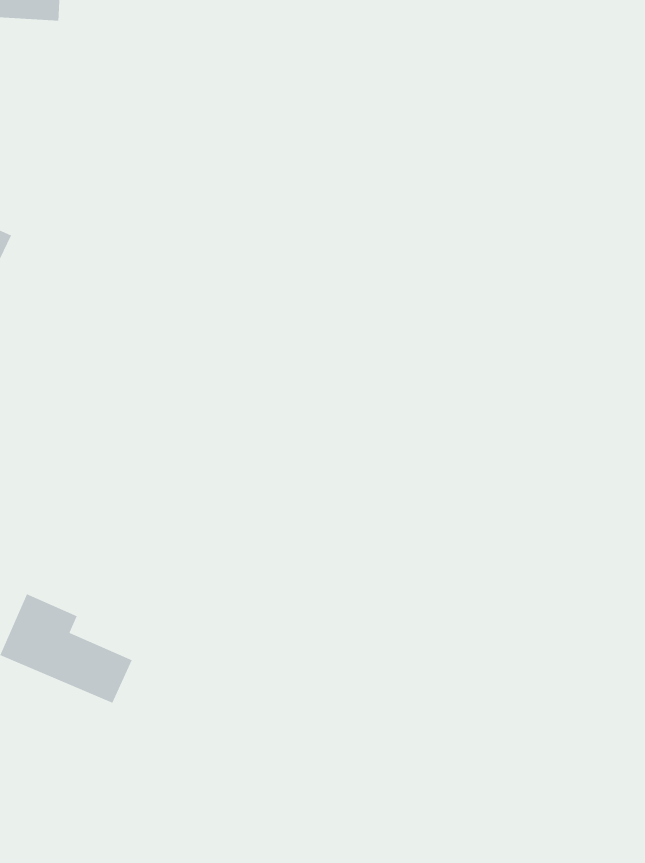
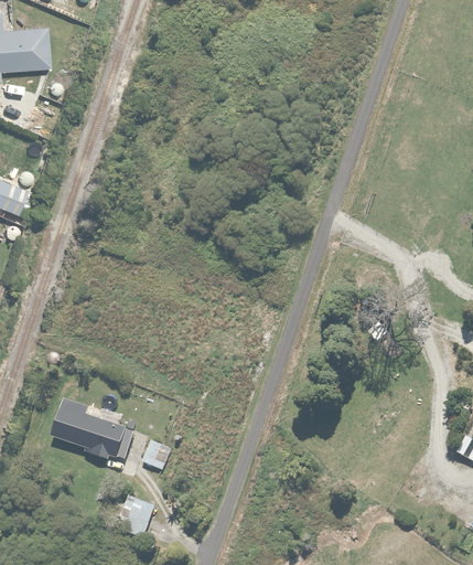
building: none -> [142,441,172,471]
building: none -> [118,497,153,537]

